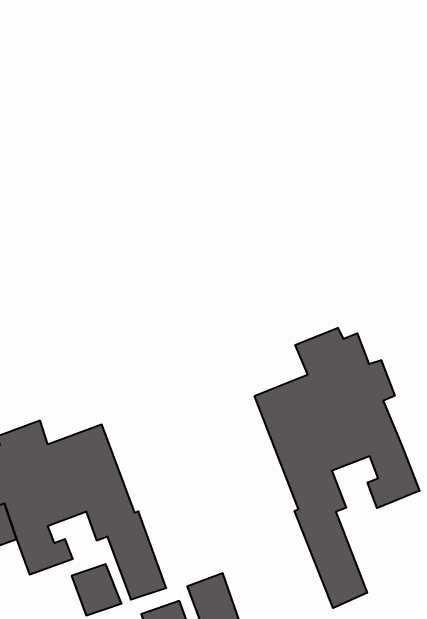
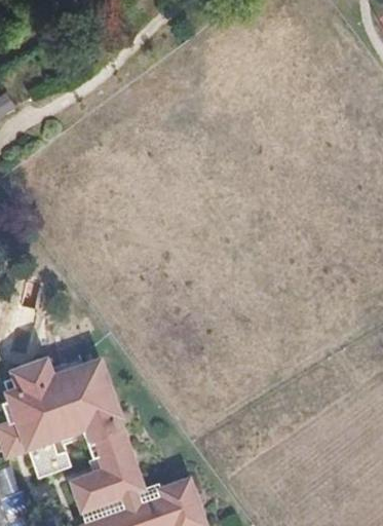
building: [255,328,420,608] -> none

